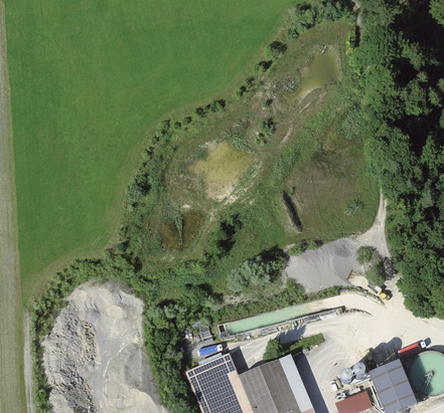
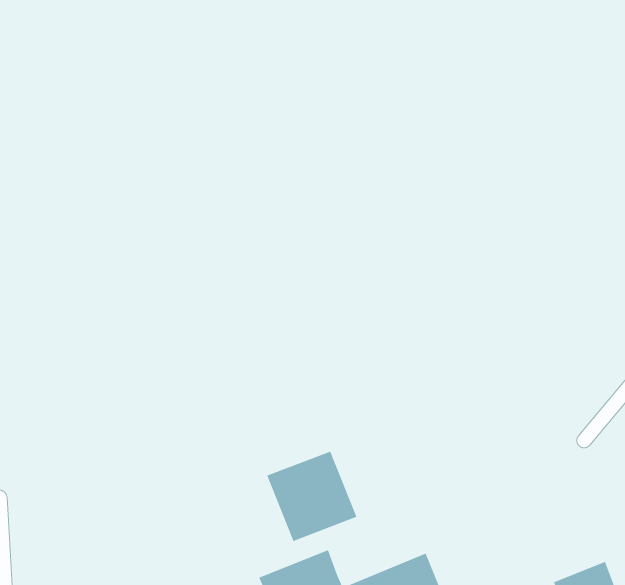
building: none -> [266,451,357,542]

